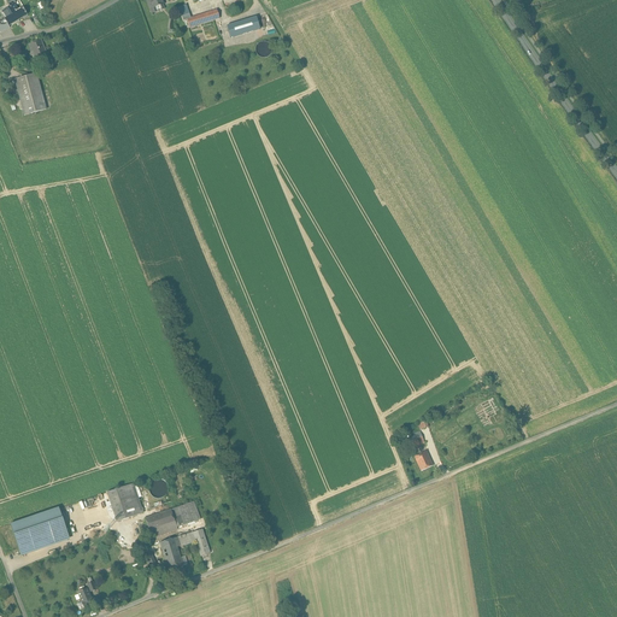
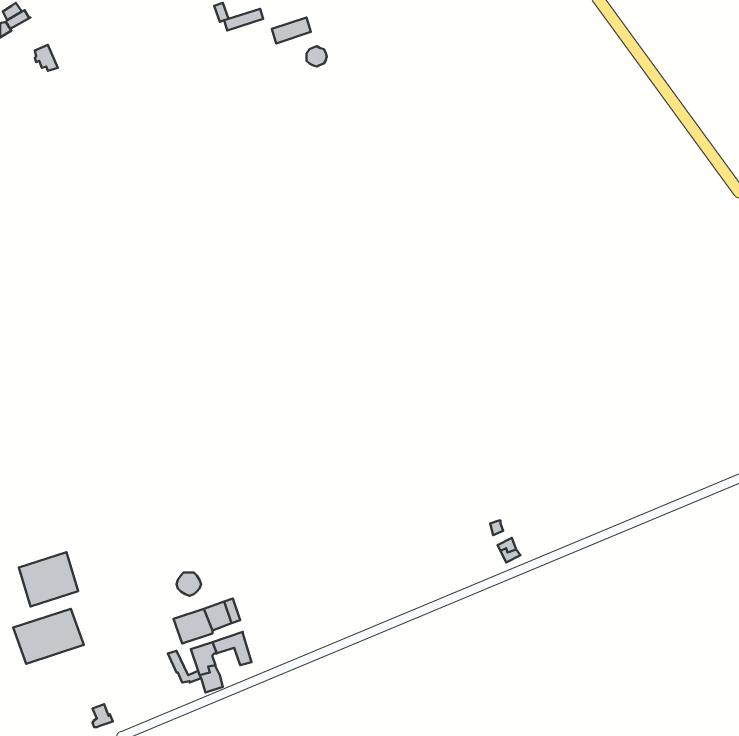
building: [14,72,46,113] -> none
building: none -> [19,552,78,607]
building: [106,482,143,519] -> none

